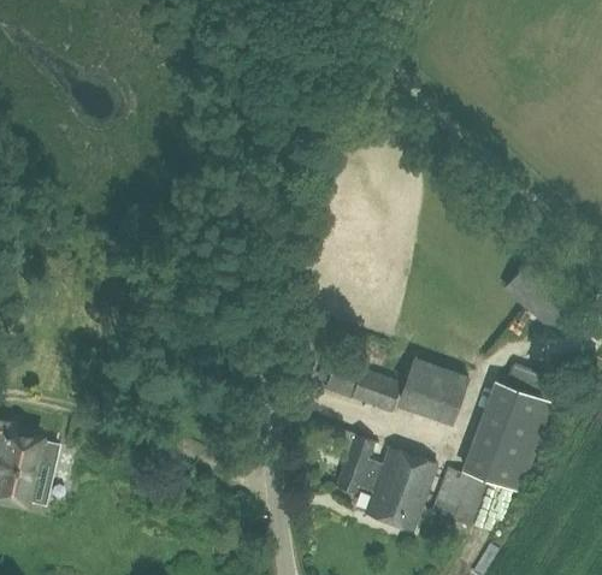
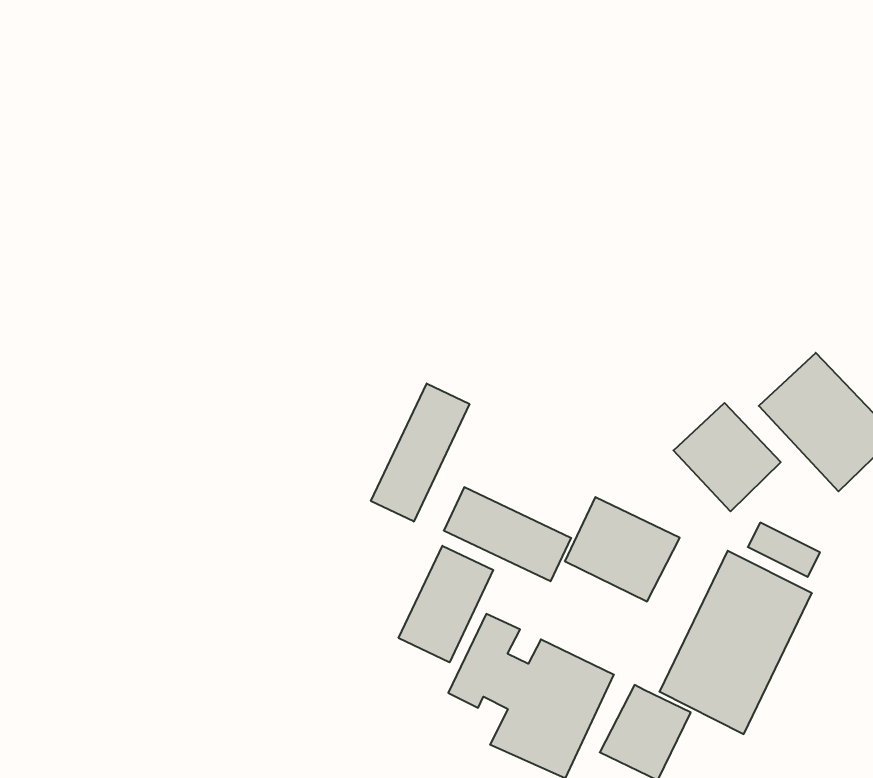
building: none -> [673,403,781,511]
building: none -> [371,383,469,522]
building: none -> [399,546,493,662]

